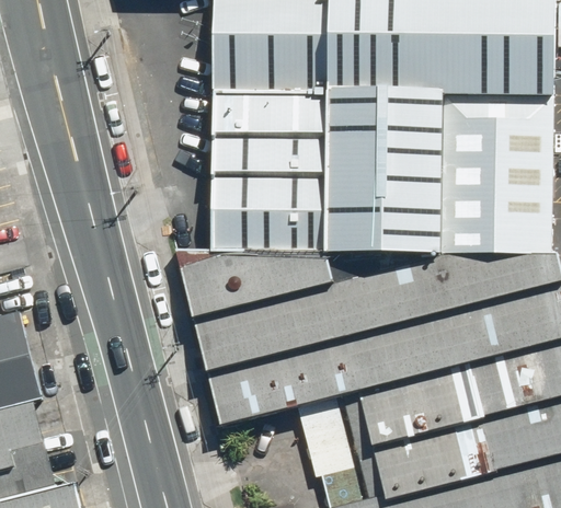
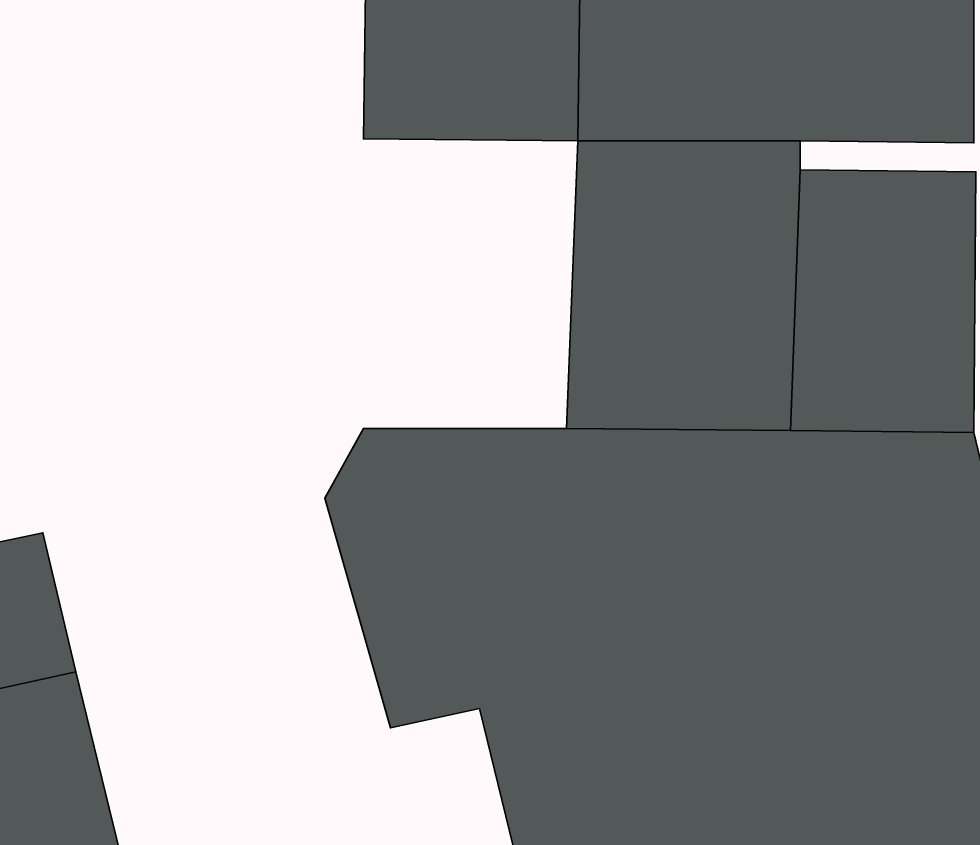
building: [208,97,330,262] -> none

